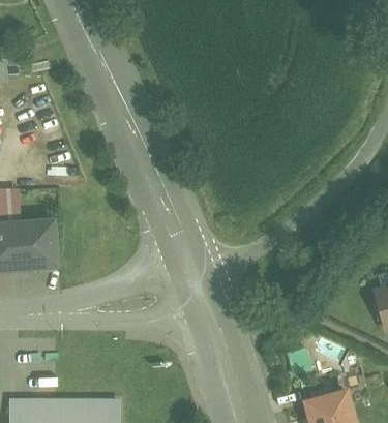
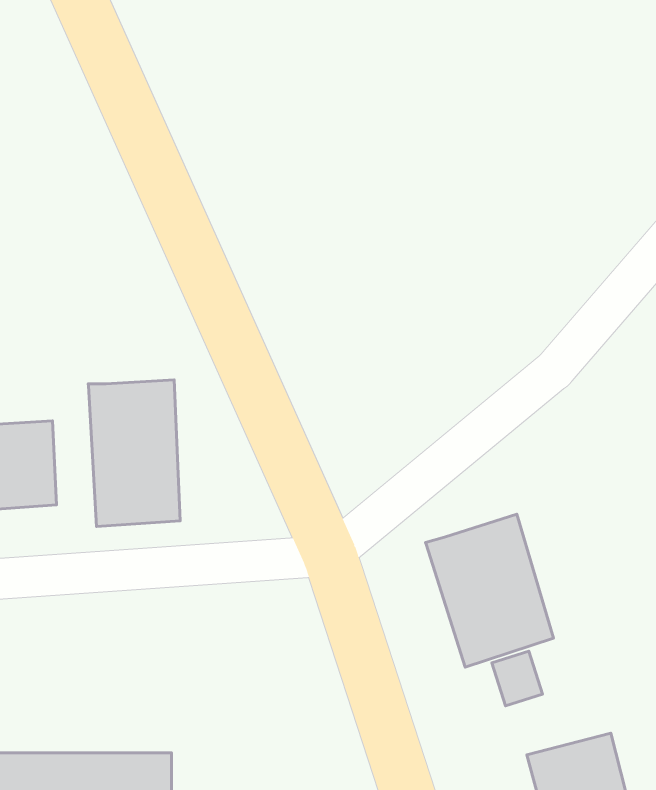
building: none -> [88,380,180,527]
building: none -> [425,514,554,667]

